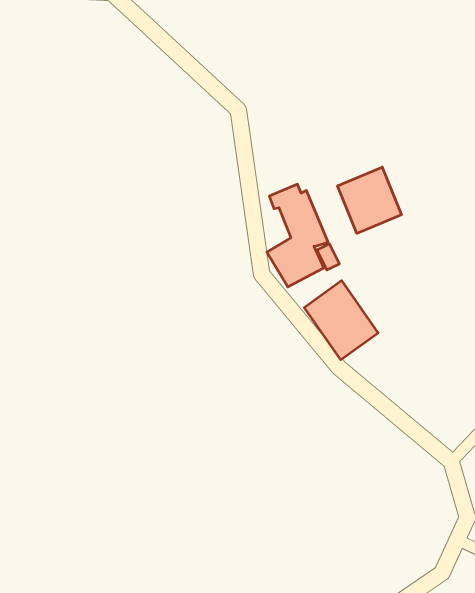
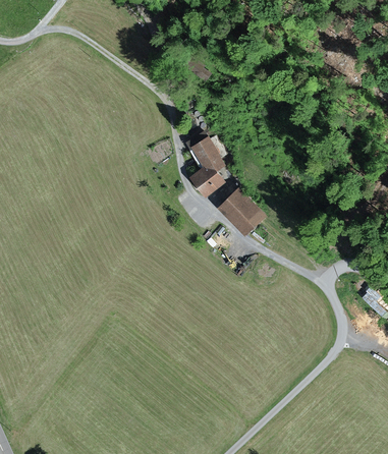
building: [338,167,401,233] -> none

